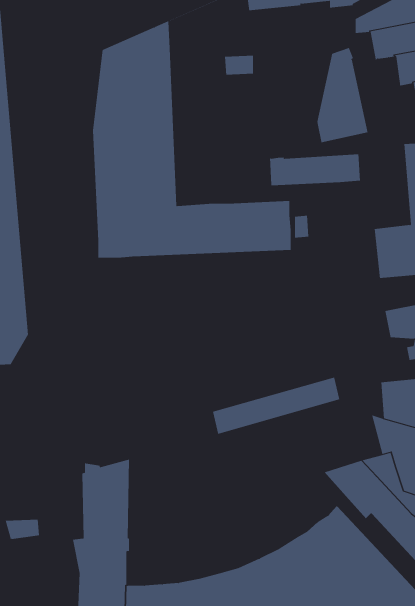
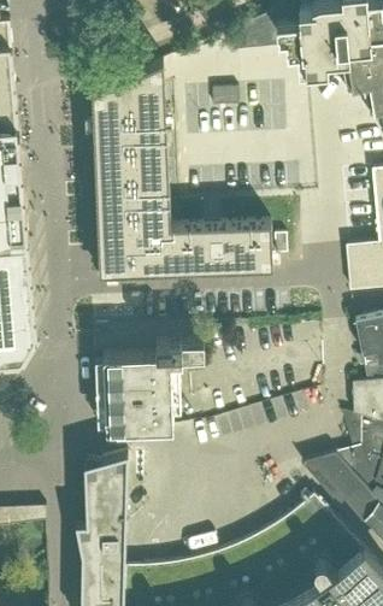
building: [317,47,368,143] -> none
building: [269,154,360,186] -> none
building: none -> [102,345,204,434]

